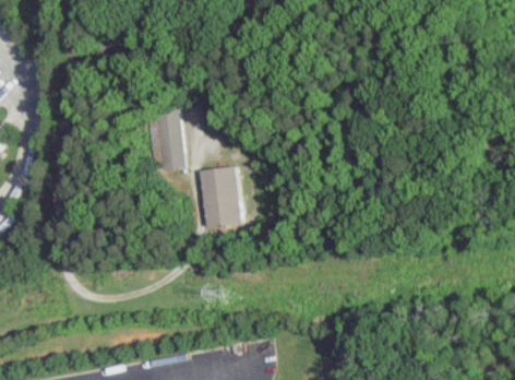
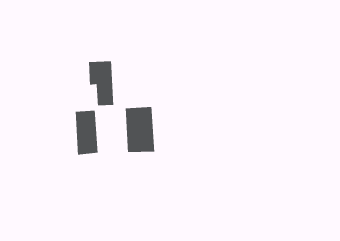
building: none -> [75,110,99,155]

